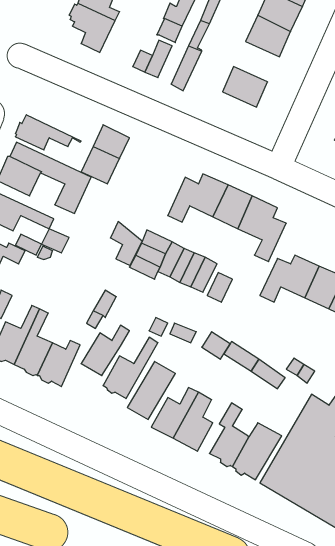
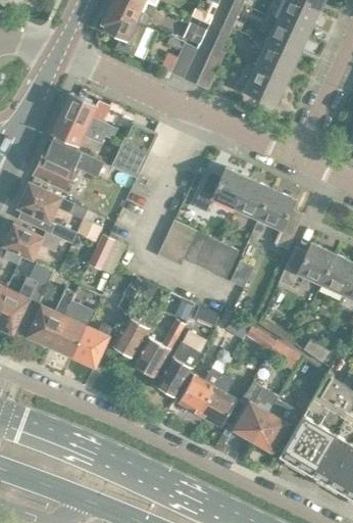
building: none -> [254,45,297,83]
building: none -> [61,94,115,138]
building: [110,222,142,265] -> [96,232,125,273]

